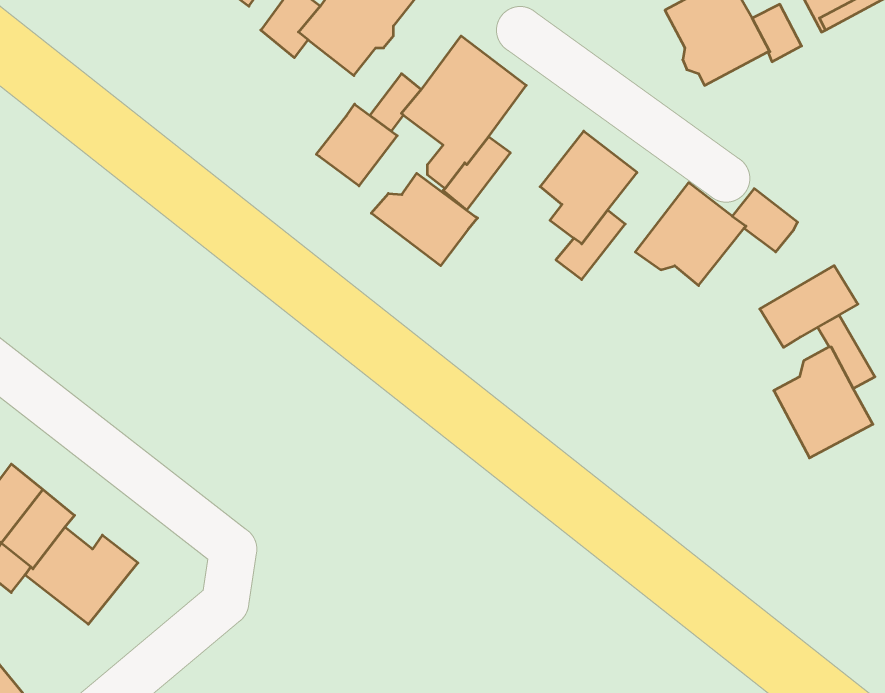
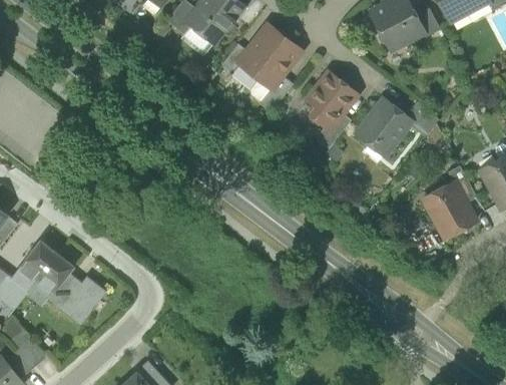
building: [316,104,397,186] -> none
building: [371,173,478,266] -> none
building: [760,266,858,347] -> none

